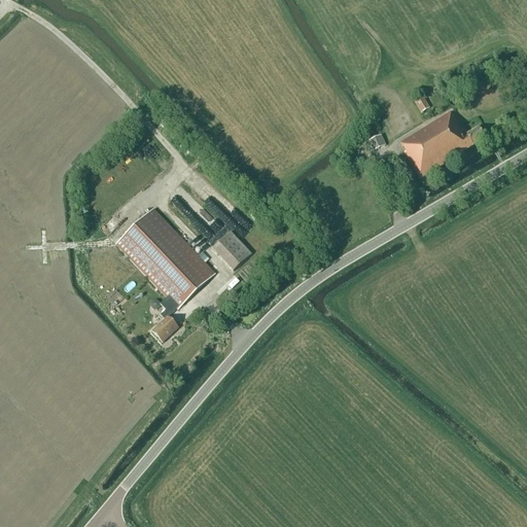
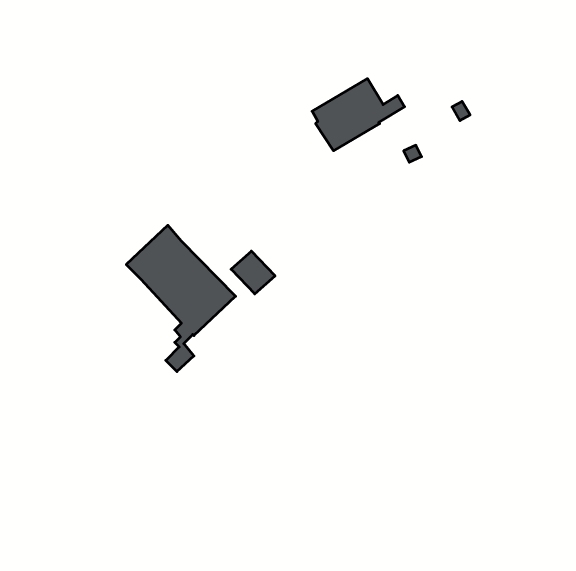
building: [400,109,485,175] -> [312,79,405,151]

